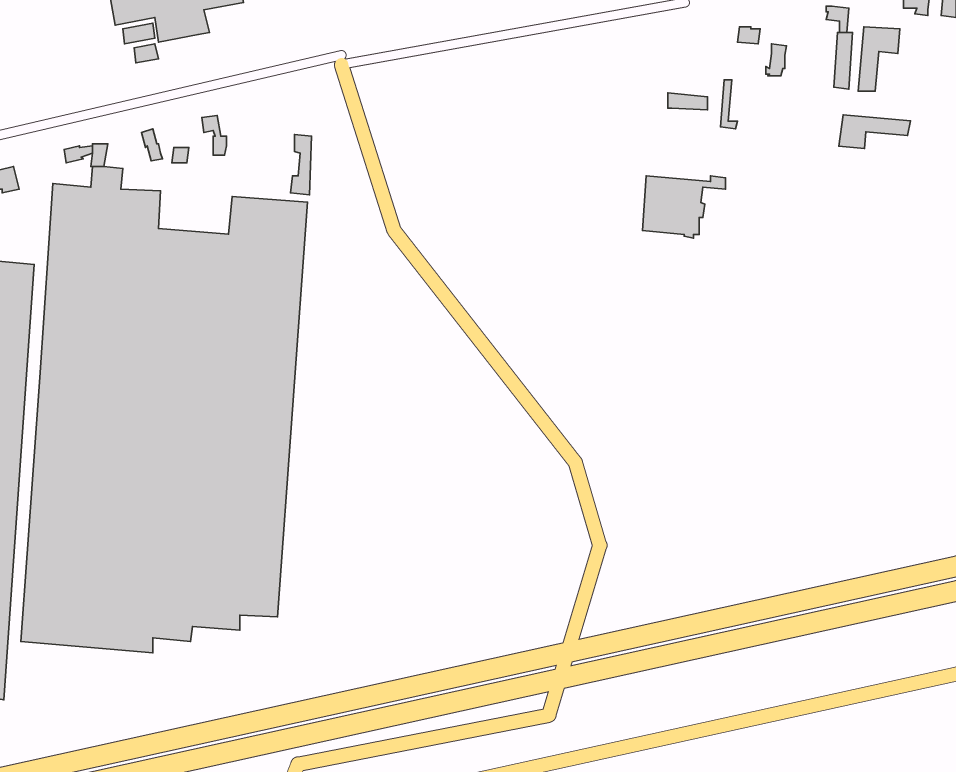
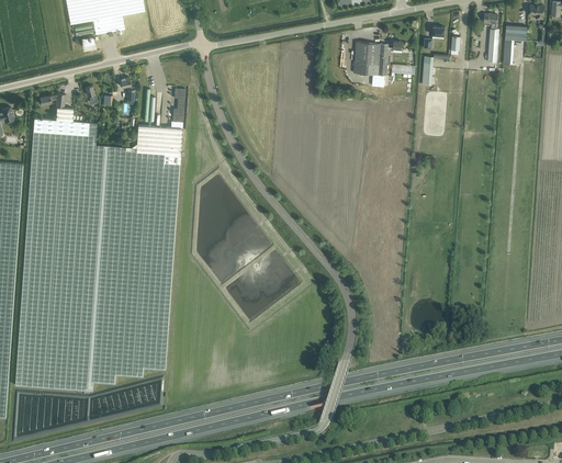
building: [839,115,910,149] -> none
building: [643,176,725,238] -> [353,41,402,77]

